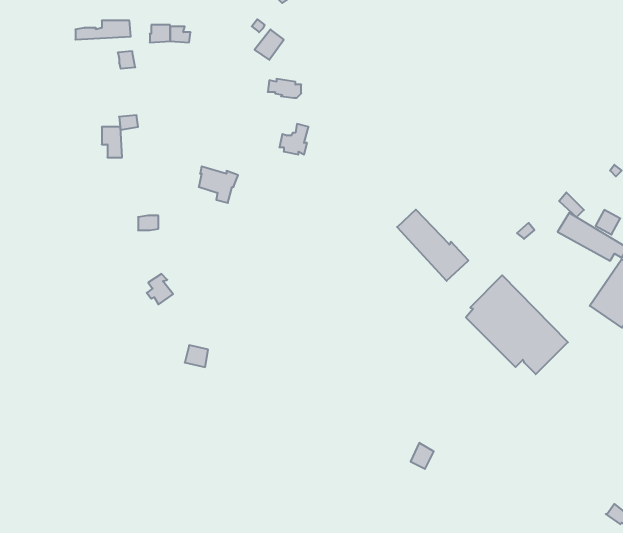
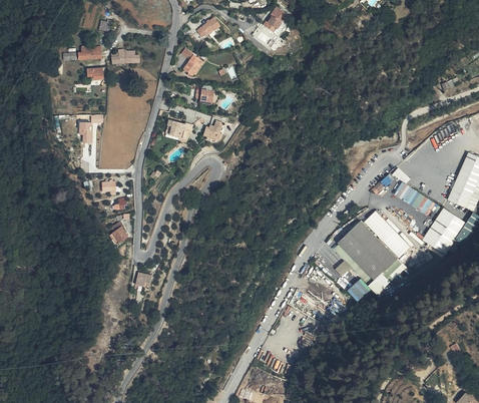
building: [199,166,238,203] -> [164,119,191,144]
building: [397,210,468,281] -> [365,209,414,258]

